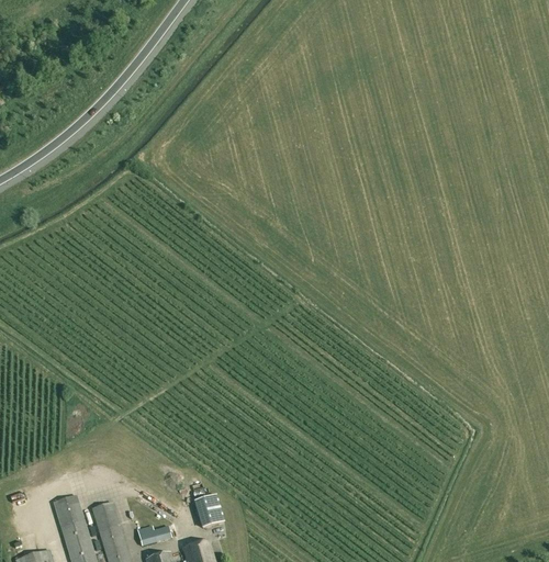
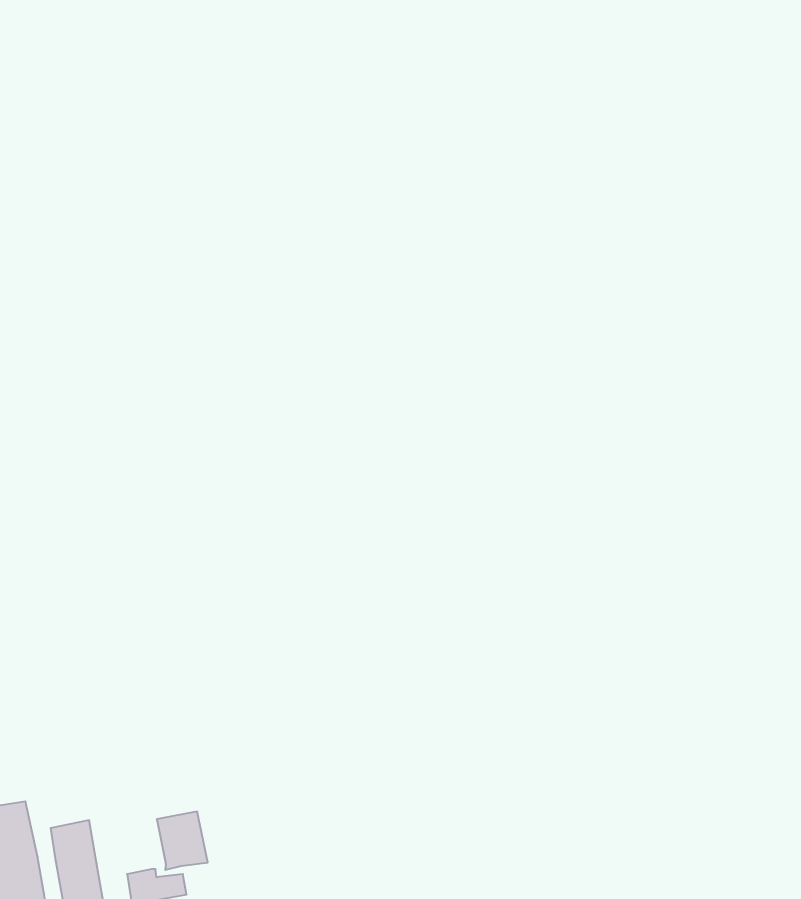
building: [194,495,225,529] -> [157,812,208,870]

